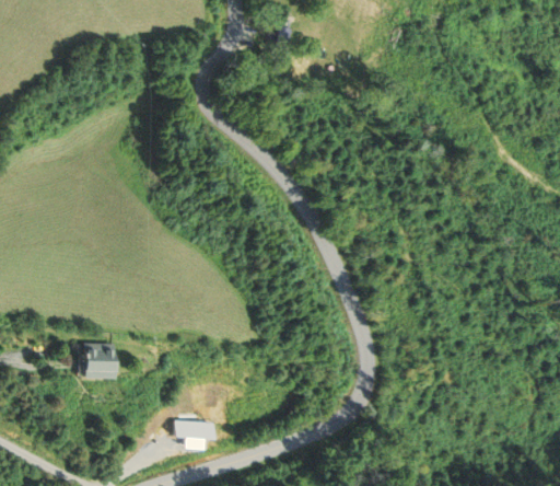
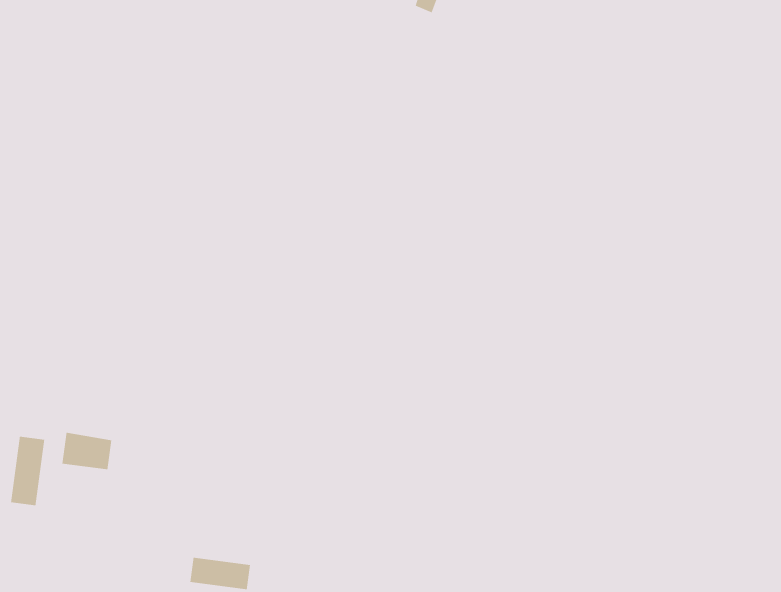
building: none -> [10,436,45,506]

